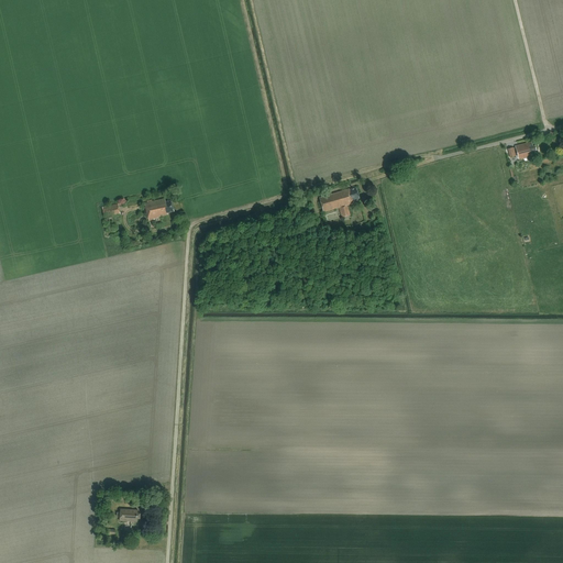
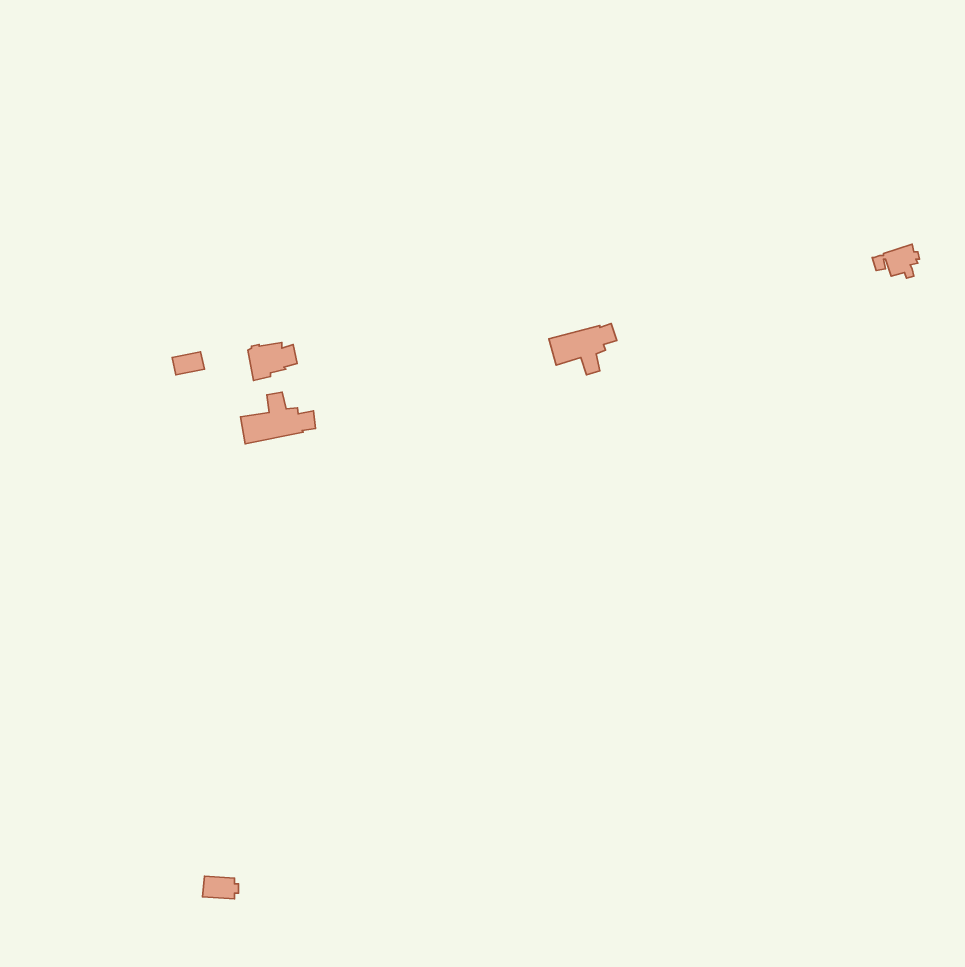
building: none -> [241,392,316,444]

